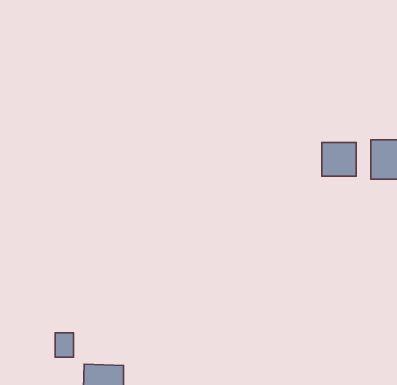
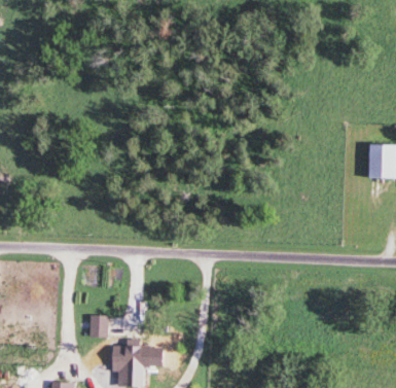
building: [322,142,356,176] -> none

